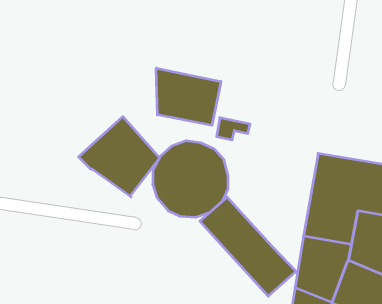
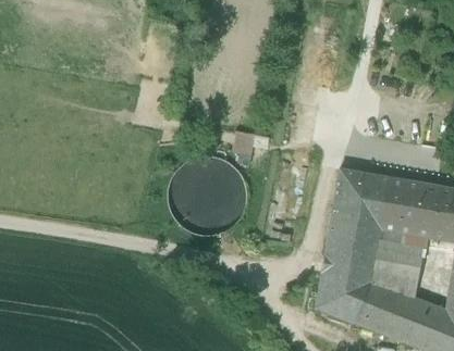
building: [156,68,221,125] -> none
building: [79,117,159,197] -> none
building: [200,197,296,296] -> none

